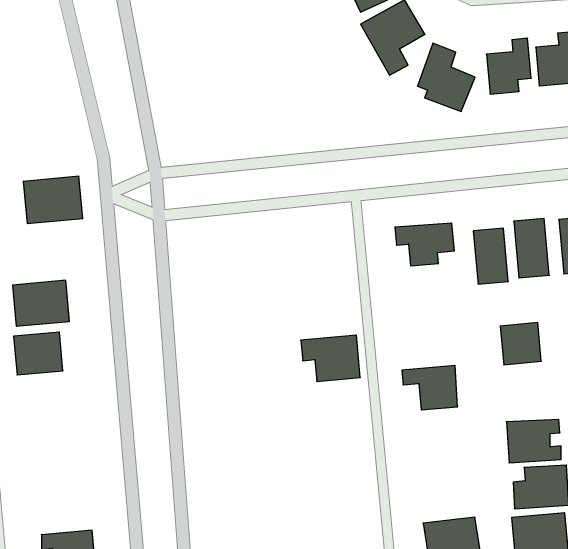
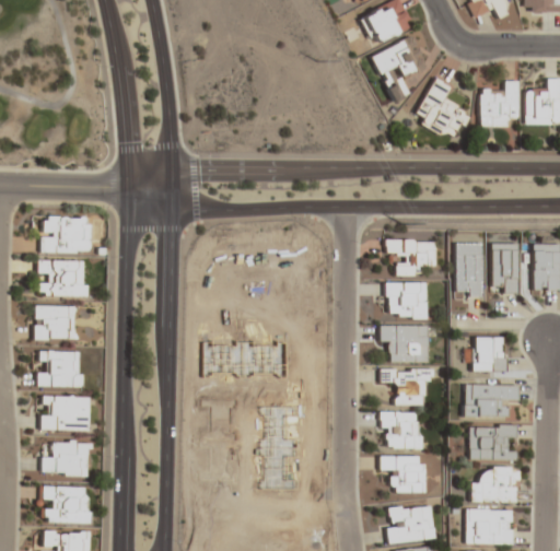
building: [23,176,83,224] -> [40,215,91,254]
building: none -> [386,282,427,317]
building: [301,335,360,381] -> [380,324,430,362]
building: none -> [463,384,517,418]
building: none -> [37,350,81,387]
building: none -> [381,411,421,447]
building: none -> [40,395,89,431]
building: none -> [380,455,427,492]
building: none -> [42,439,91,476]

